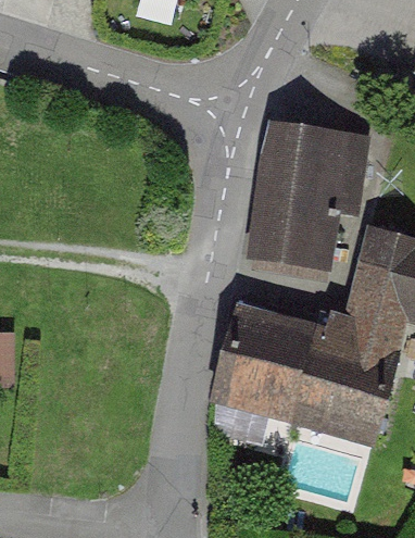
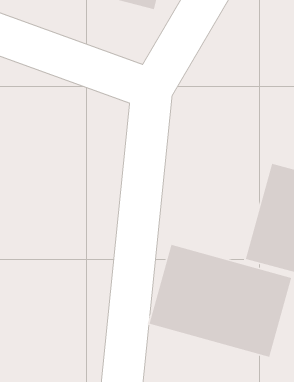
building: [248,115,359,268] -> none

